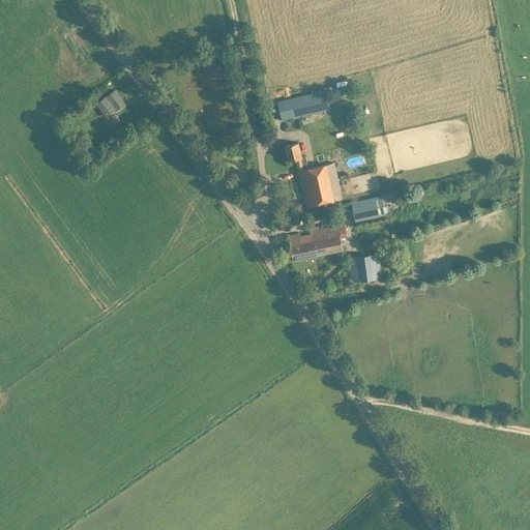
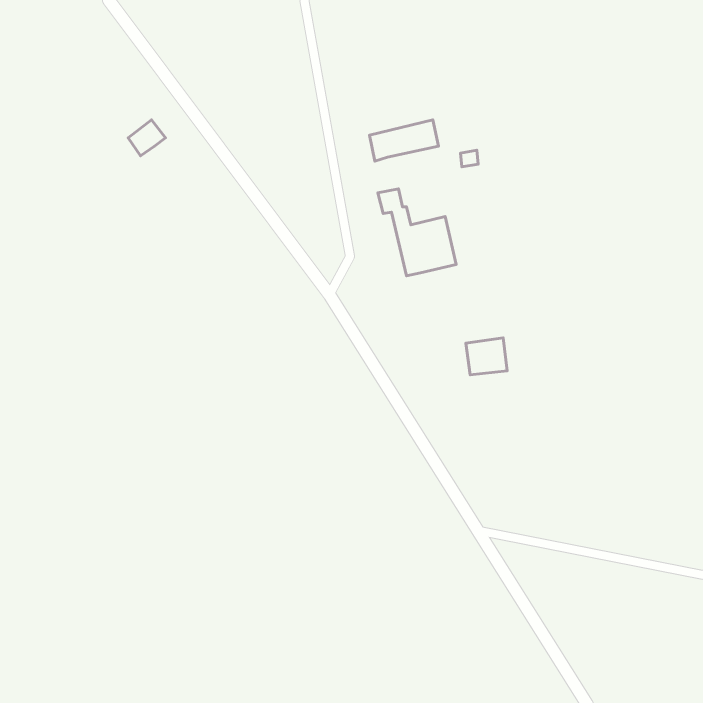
building: [351,197,387,220] -> none
building: [288,223,346,261] -> none

